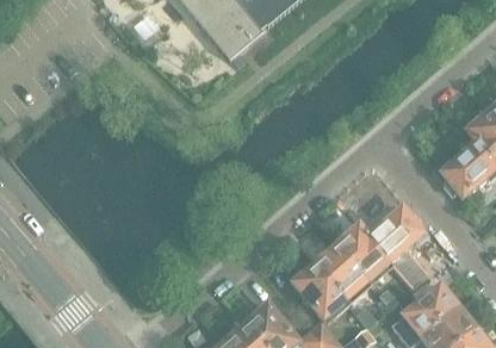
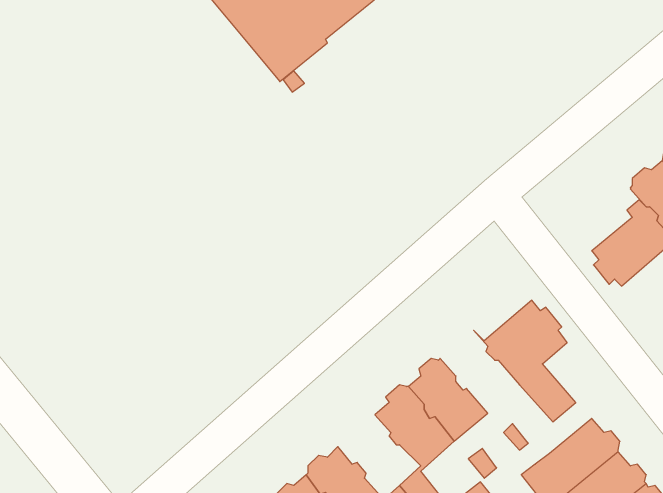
building: [337,225,391,281] -> none

